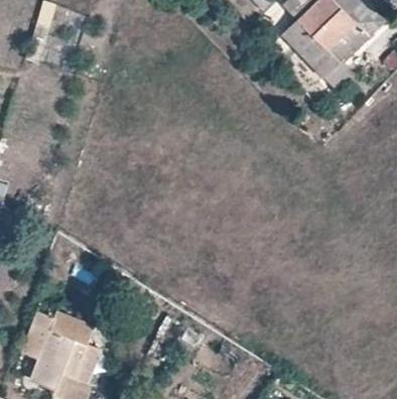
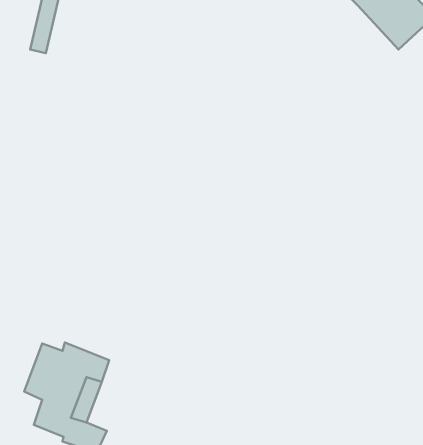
building: [287,24,338,77] -> none

